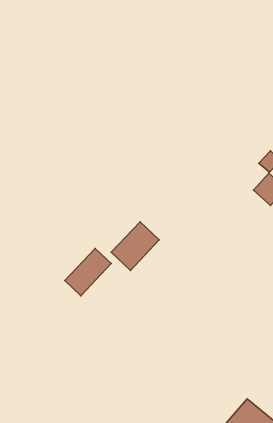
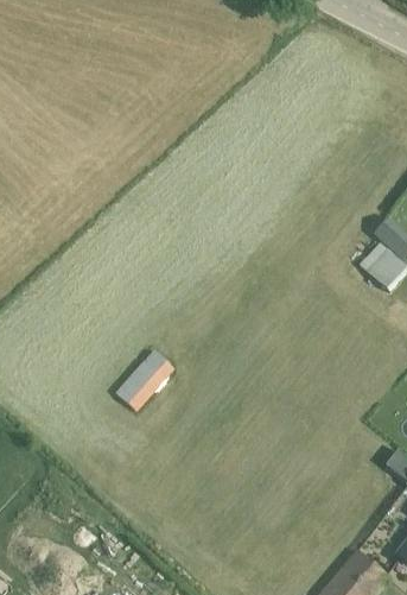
building: [111,222,159,270] -> none

